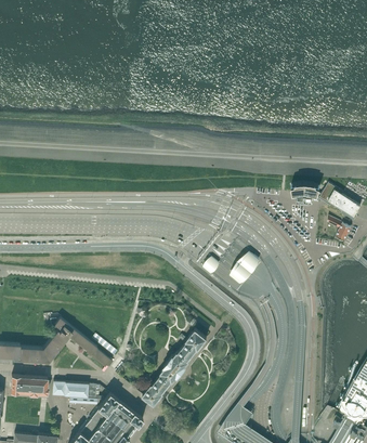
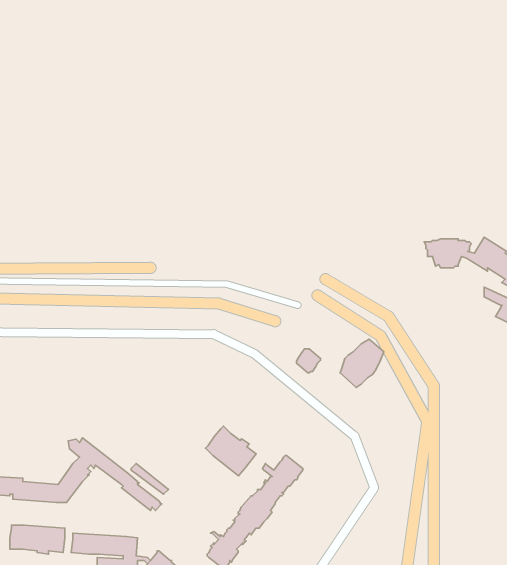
building: none -> [206,426,256,476]

